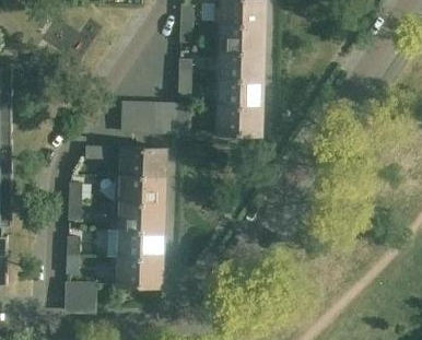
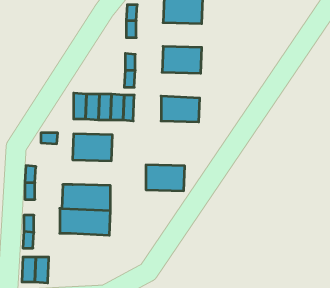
building: [220,26,262,54] -> none
building: [218,81,261,109] -> none
building: [120,177,163,206] -> [146,165,185,191]
building: [117,258,161,288] -> none

